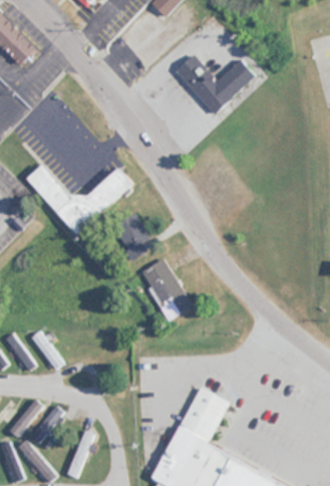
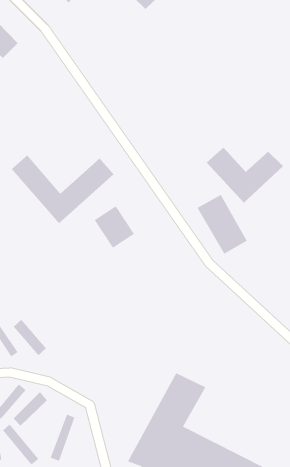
building: [176,53,256,111] -> [206,147,284,203]
building: [139,257,192,319] -> [197,194,247,255]

